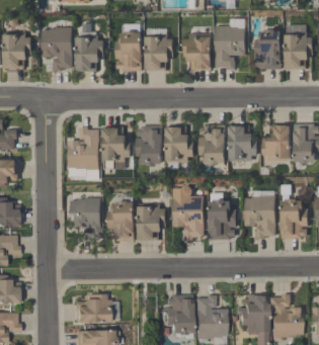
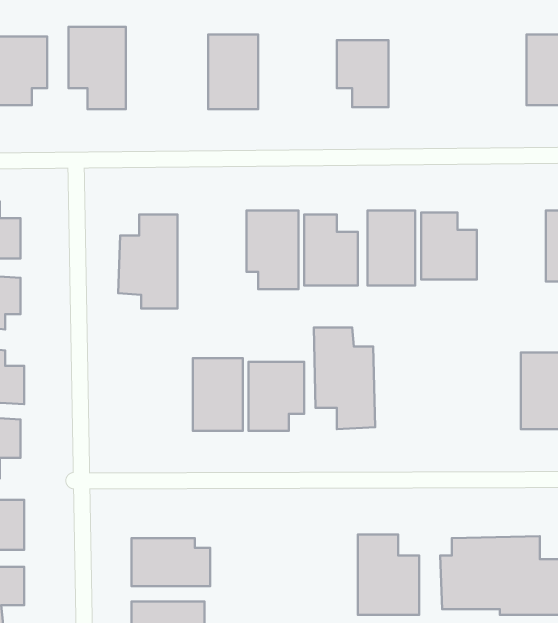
building: [214,19,246,69] -> none
building: [144,29,174,71] -> none
building: [253,29,281,69] -> none
building: [75,32,103,71] -> none
building: [262,125,290,160] -> none
building: [102,126,131,168] -> none
building: [244,191,275,239] -> none
building: [69,197,100,240] -> none
building: [208,199,236,240] -> none
building: [164,295,191,334] -> none

